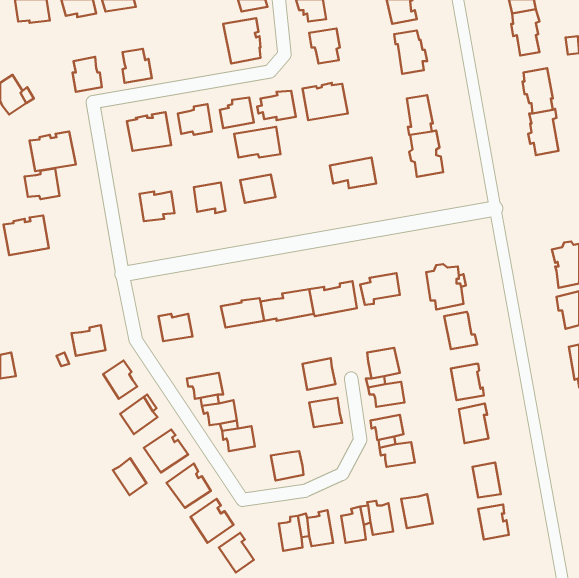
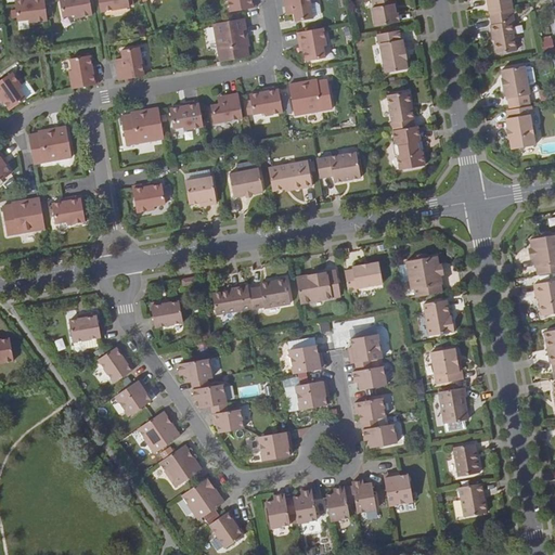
building: [234,127,281,158] -> [268,159,312,189]
building: [25,168,60,199] -> [52,195,86,224]
building: [113,458,147,495] -> none

